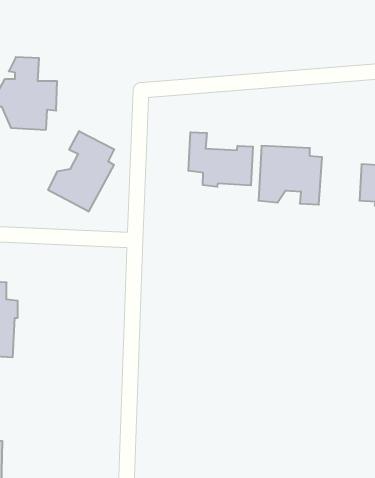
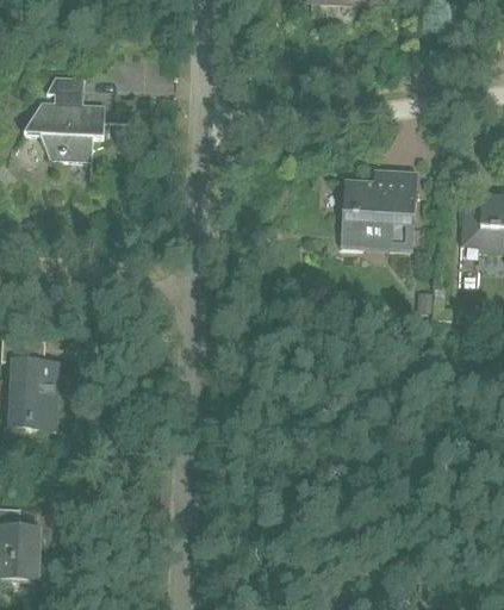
building: [48,131,114,212] -> none
building: [189,132,253,187] -> none

